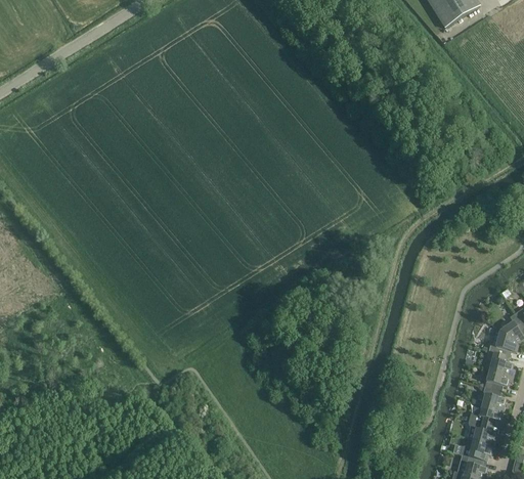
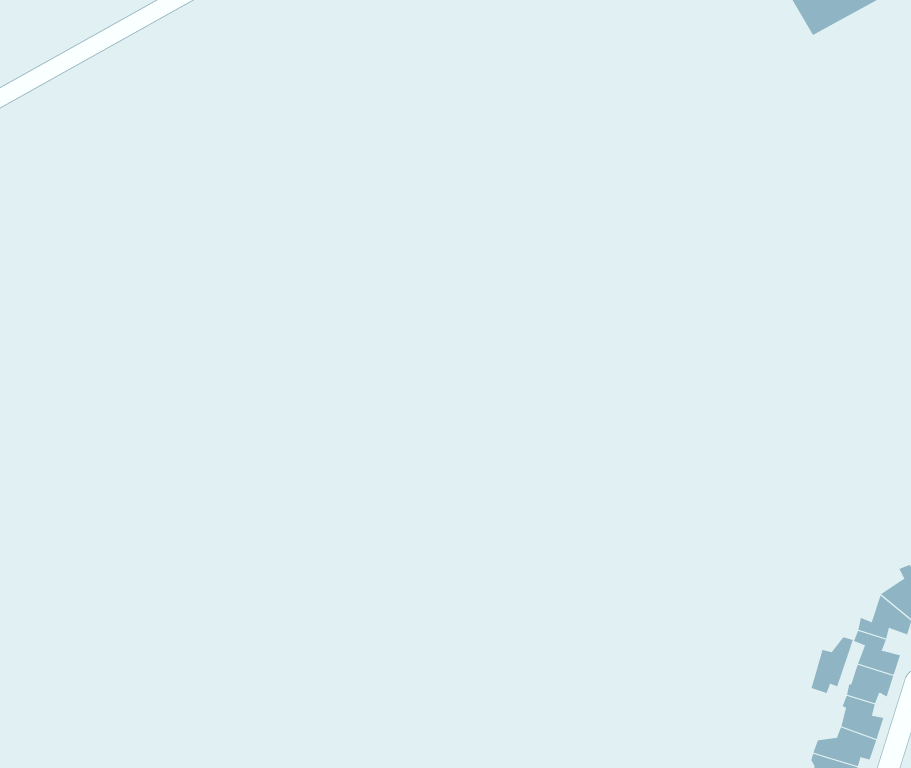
building: none -> [811,636,854,694]

